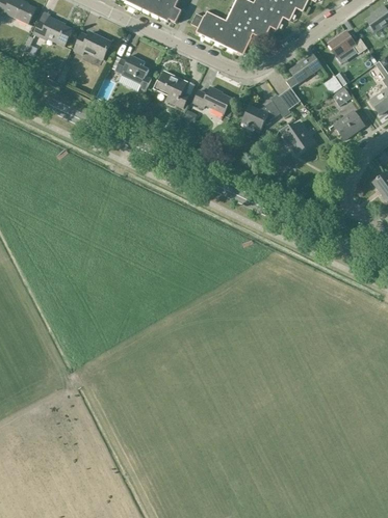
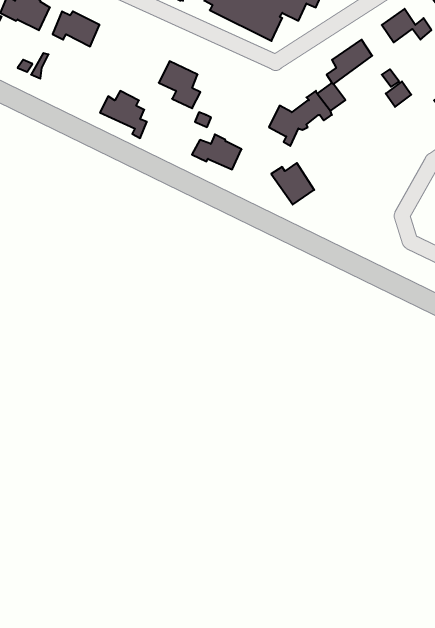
building: [113,54,150,90] -> [100,91,147,138]
building: [191,86,230,113] -> [192,134,242,169]
building: [332,111,363,140] -> none
building: [279,121,312,154] -> [271,163,314,205]

